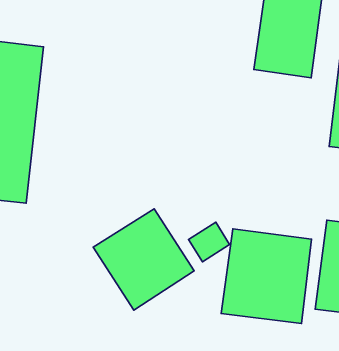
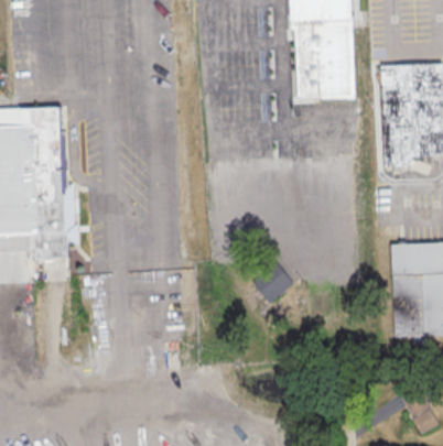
building: [93,209,194,310] -> none
building: [221,229,312,324] -> none

